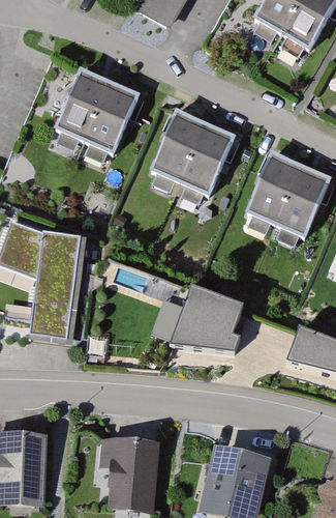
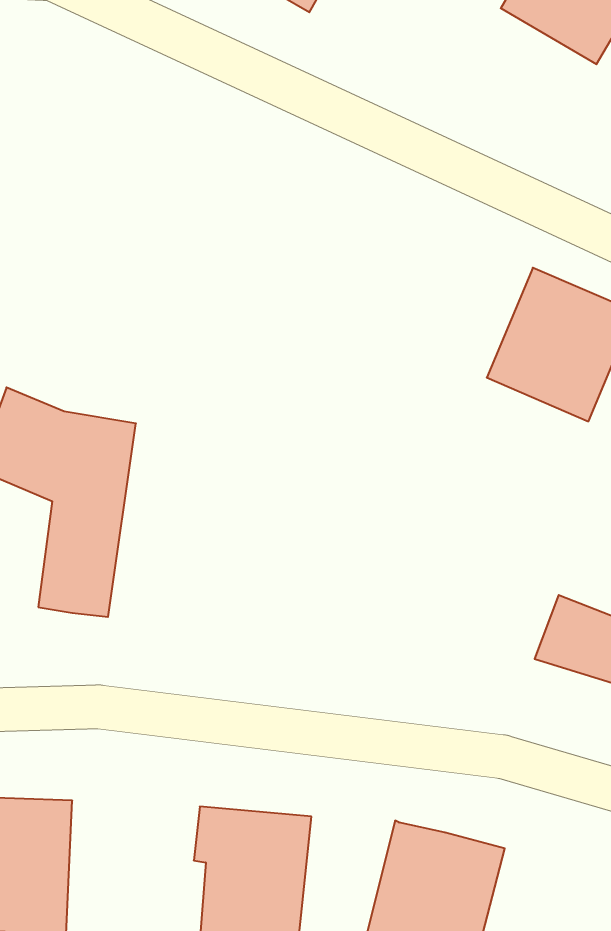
building: [52,69,131,149] -> none
building: [164,113,241,193] -> none
building: [164,287,237,350] -> none

